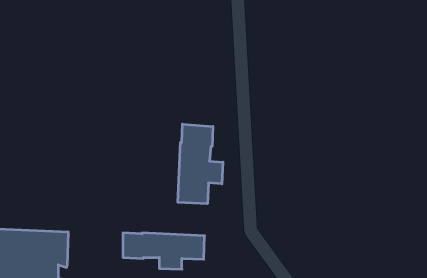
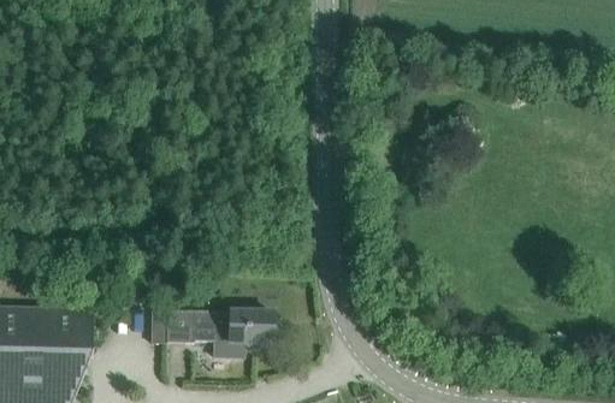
building: [178,124,223,204] -> none

